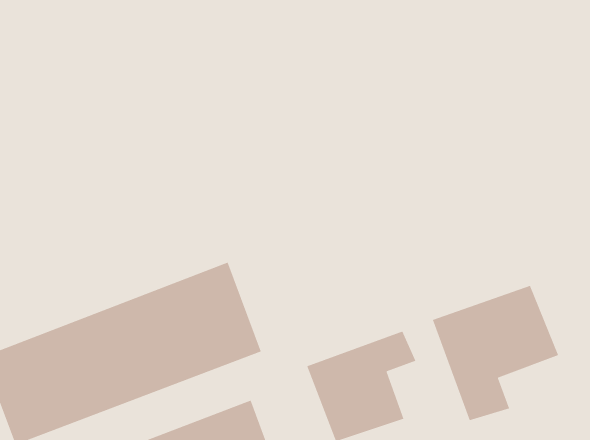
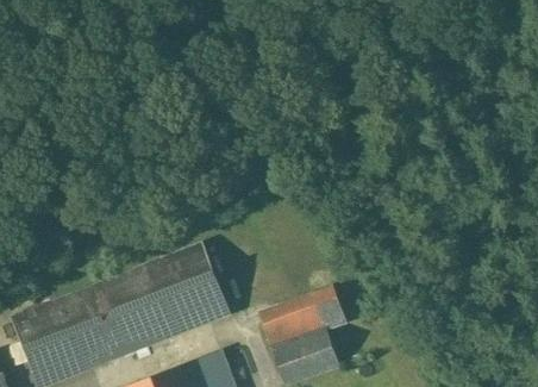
building: [432,285,559,421] -> none

